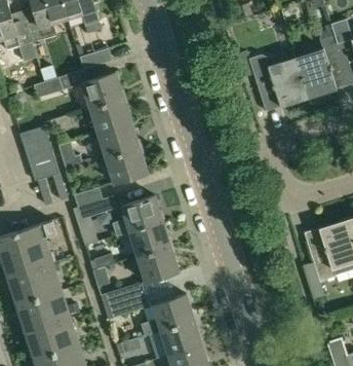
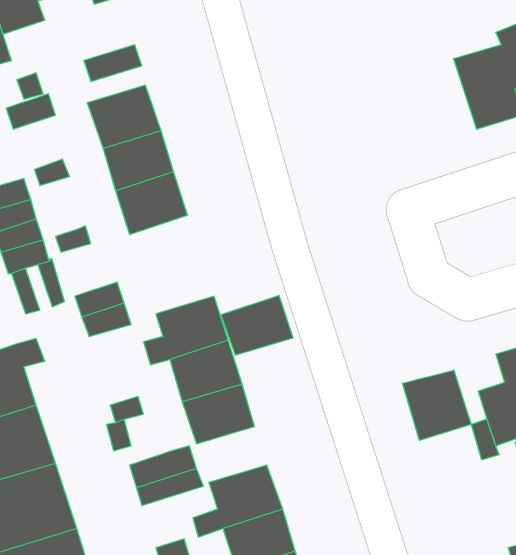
building: [247,56,308,107] -> none
building: [106,148,148,183] -> [221,296,293,355]
building: none -> [403,370,471,441]

